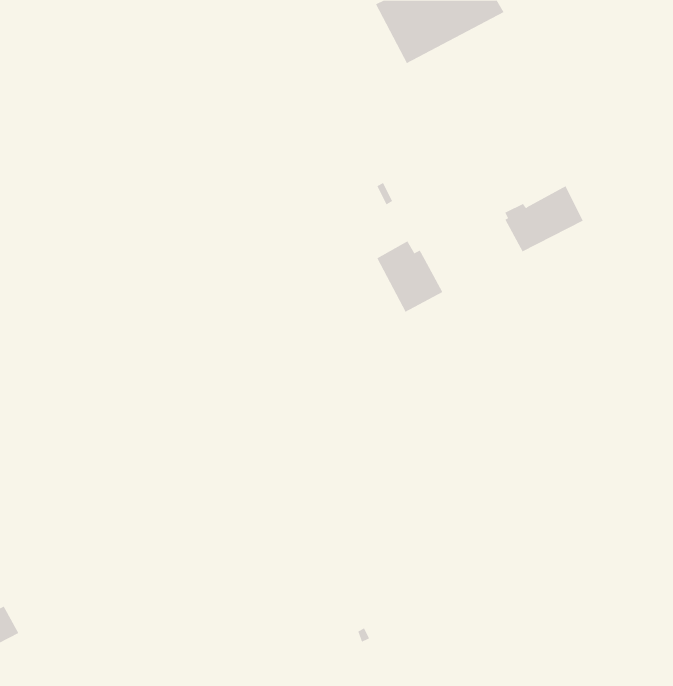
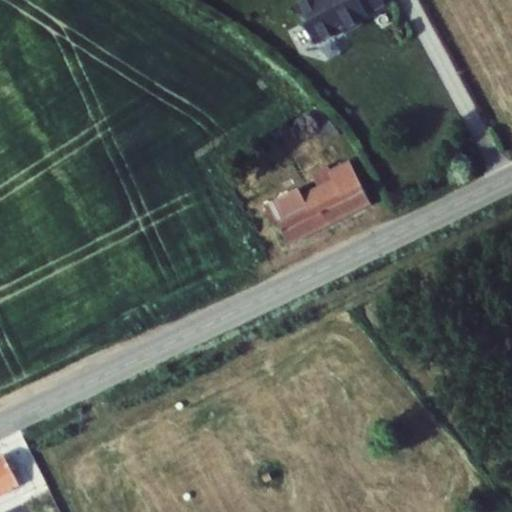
building: [505,185,583,252] -> [313,172,371,221]

